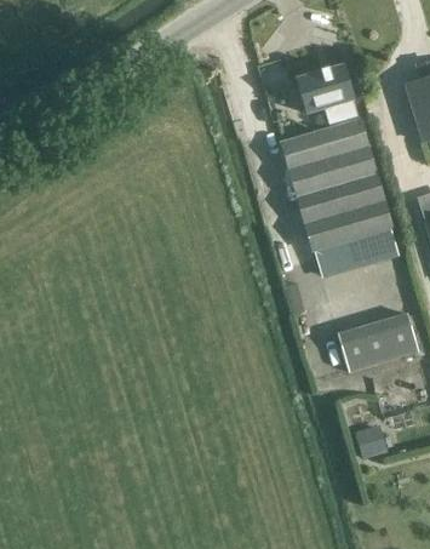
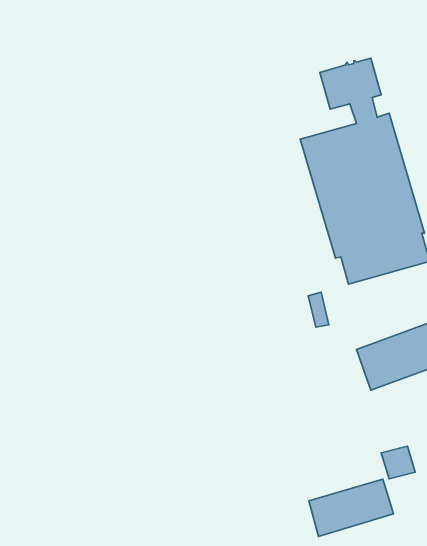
building: none -> [309,479,394,536]

